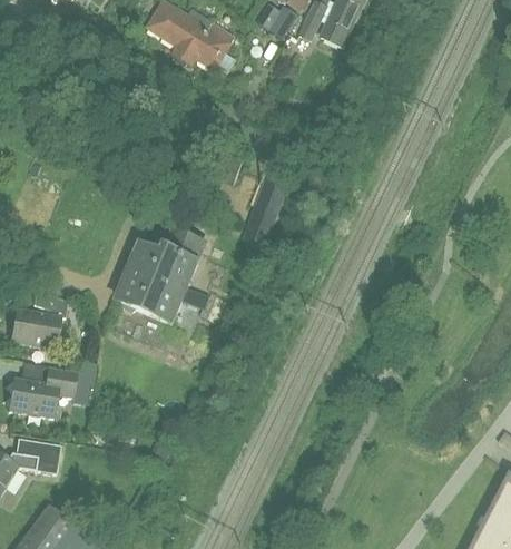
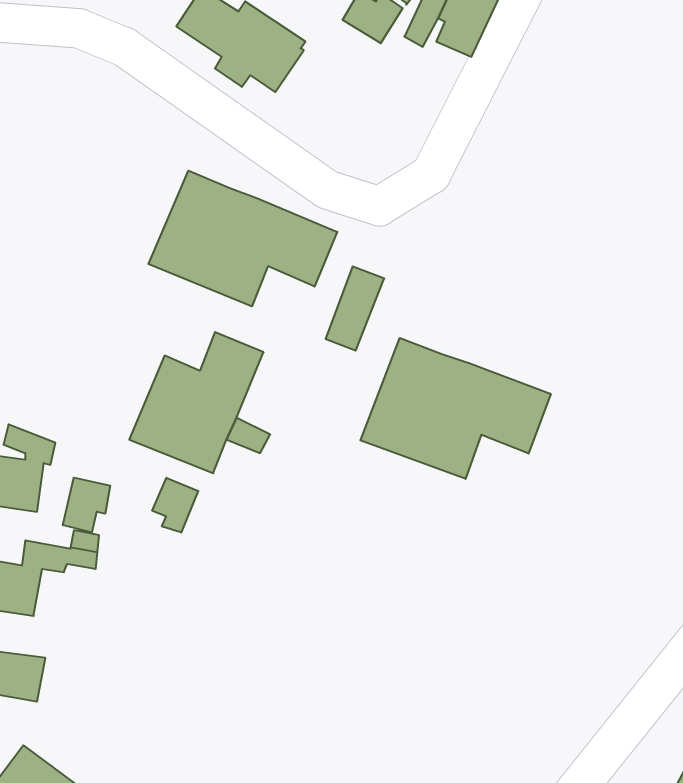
building: none -> [148,171,337,306]
building: none -> [360,338,551,479]
building: none -> [63,478,110,532]
building: none -> [152,478,198,533]

